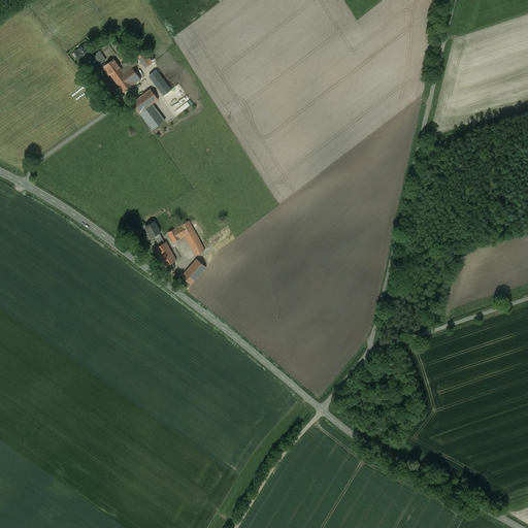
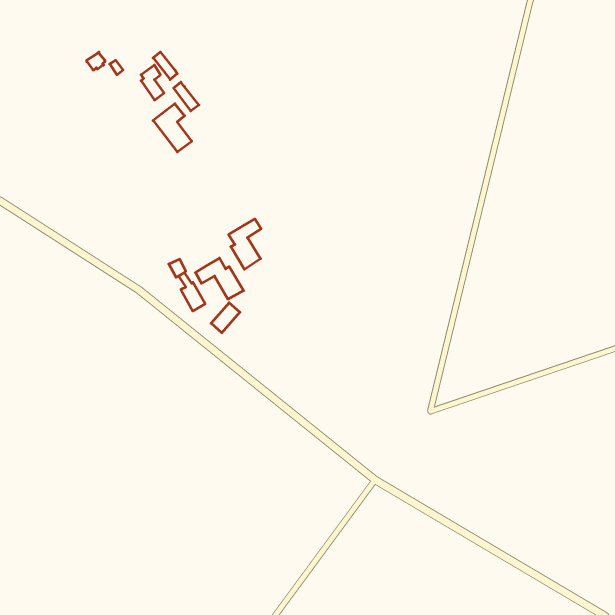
building: [101,60,132,93] -> none
building: none -> [229,219,261,269]

